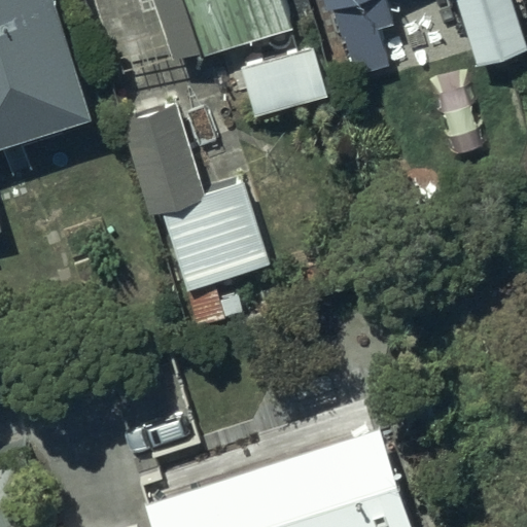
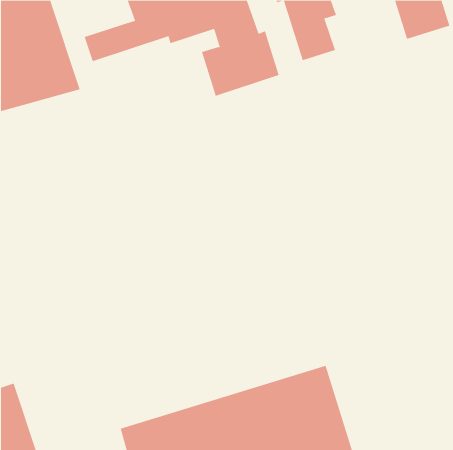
building: [101,102,269,328] -> none

